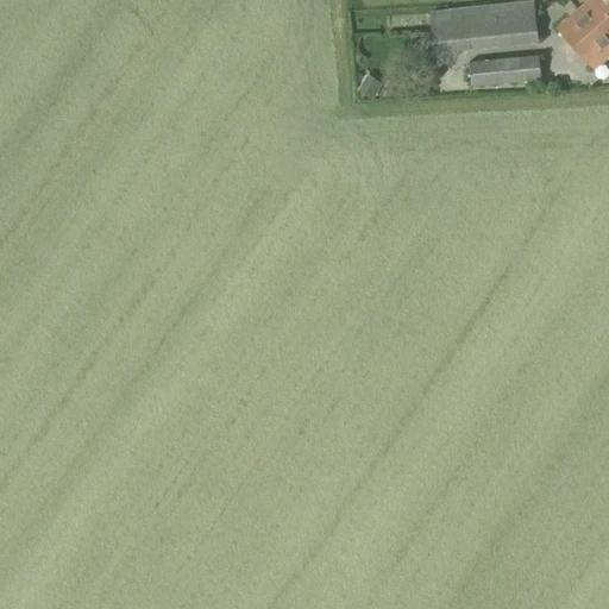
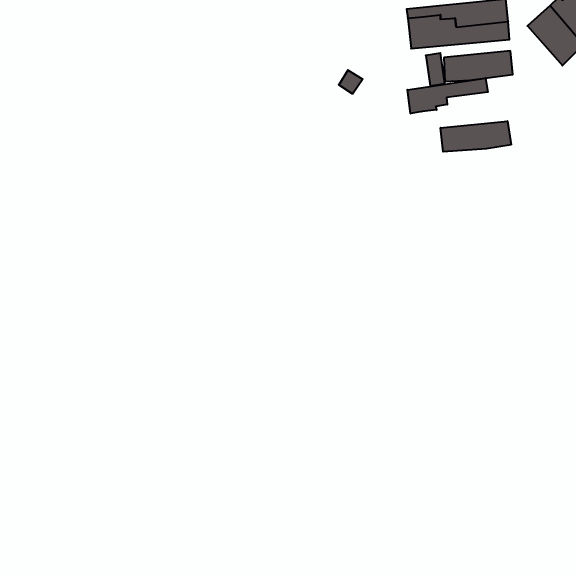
building: none -> [407,78,488,114]
building: none -> [441,121,511,152]

